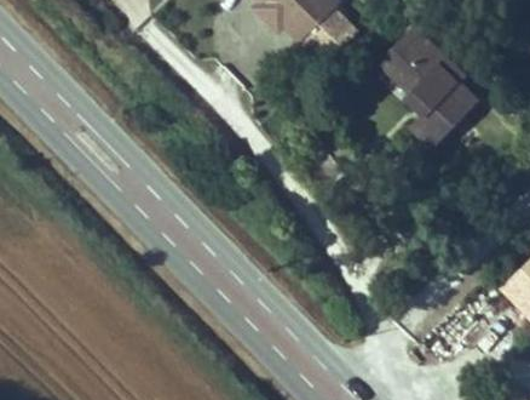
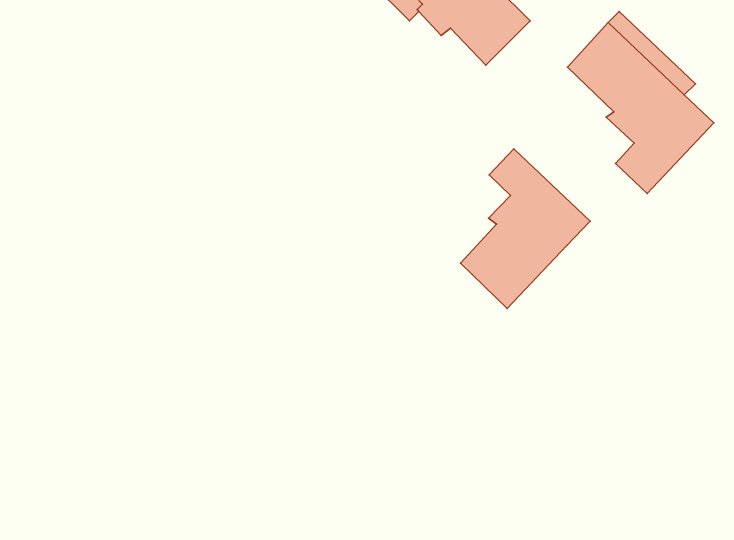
building: none -> [460,149,590,309]

